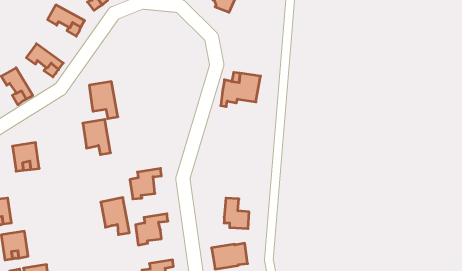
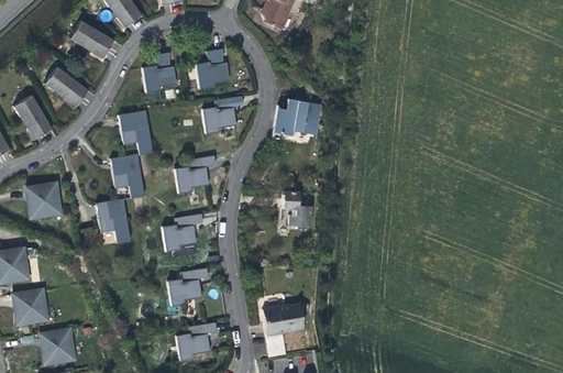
building: none -> [198,51,229,90]
building: none -> [144,52,174,91]
building: none -> [206,98,243,135]
building: none -> [178,156,216,194]
building: [101,198,129,235] -> [97,199,131,243]
building: [224,198,249,229] -> [280,190,310,227]

